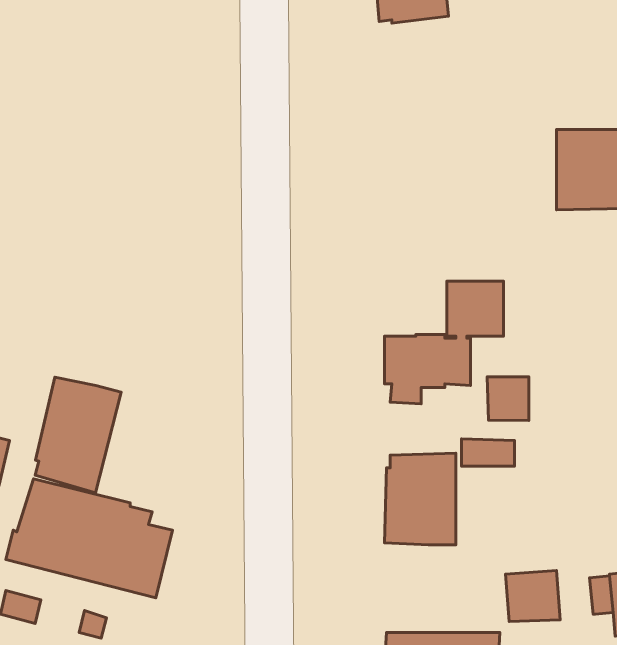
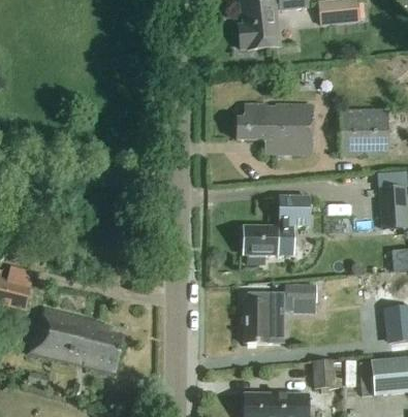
building: none -> [238,103,313,154]
building: [487,377,529,420] -> none
building: [35,377,121,493] -> none

